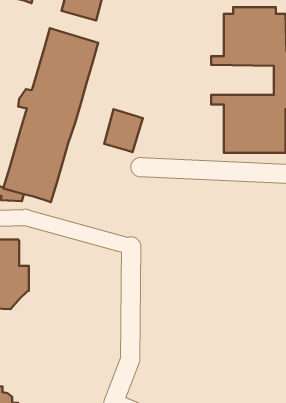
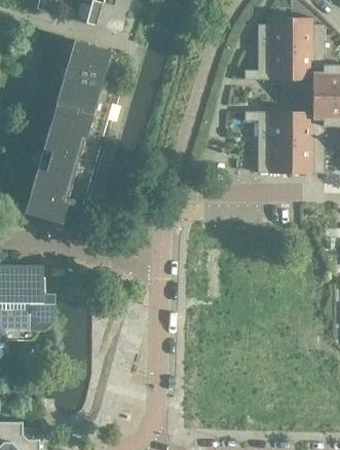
building: [104,109,143,152] -> none

